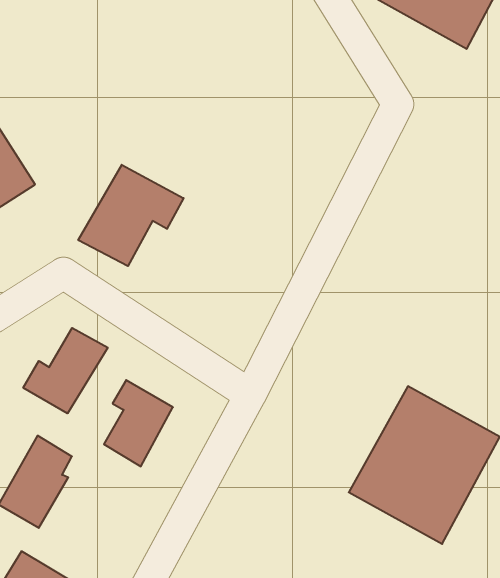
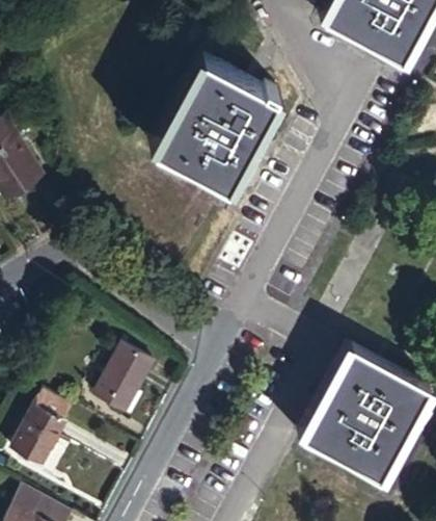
building: none -> [153,56,277,182]
building: [78,165,184,266] -> none
building: [23,328,108,413] -> none

